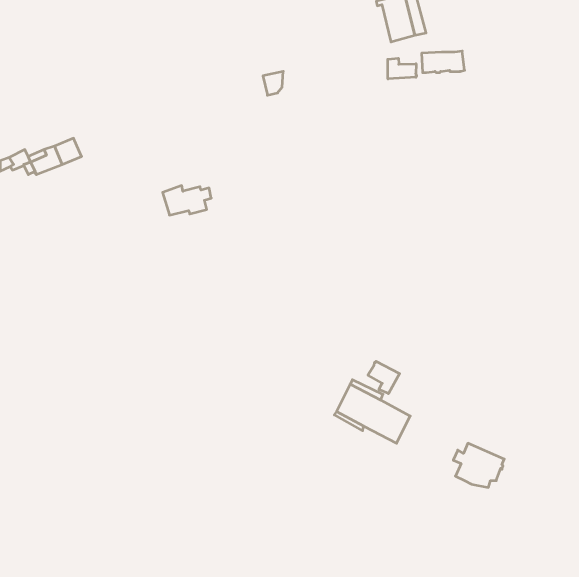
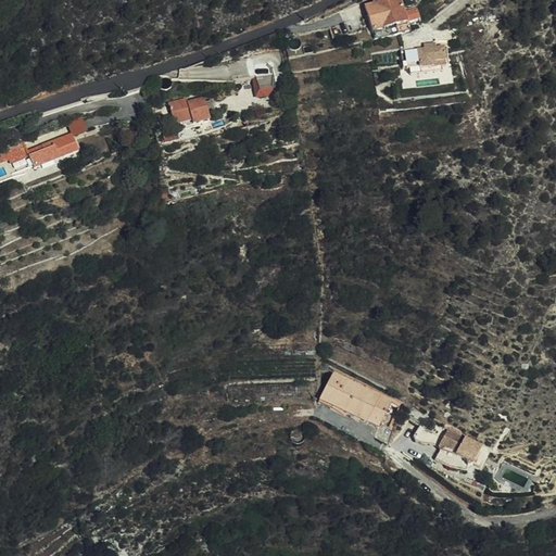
building: [388,58,417,79] -> none
building: [163,186,211,215] -> [167,96,214,124]
building: [368,361,400,394] -> none

